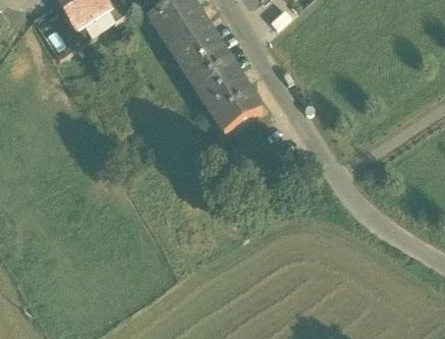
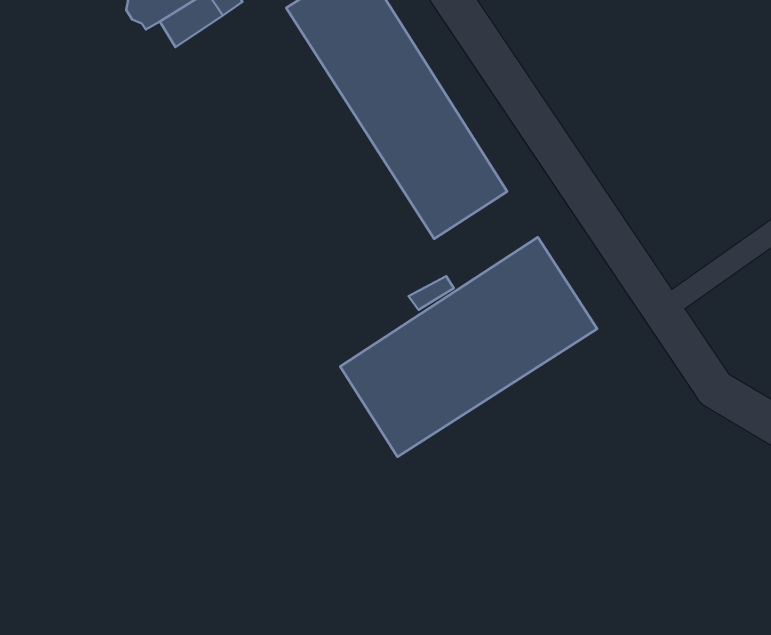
building: none -> [340,237,597,457]

